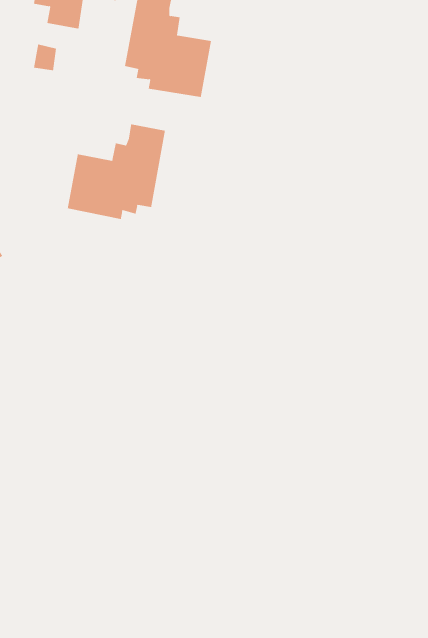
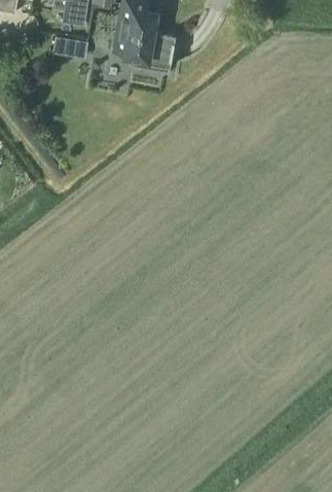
building: [67,123,165,220] -> none

